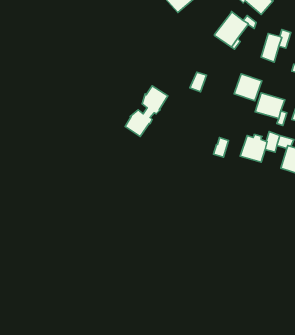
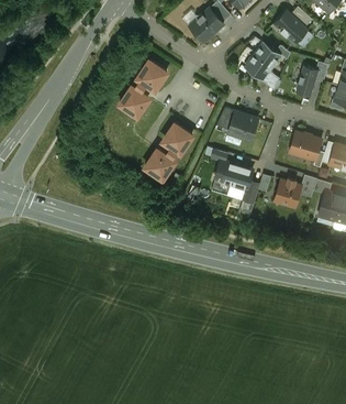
building: none -> [119,59,167,117]
building: [234,74,262,101] -> [227,111,258,141]
building: none -> [222,162,253,188]

